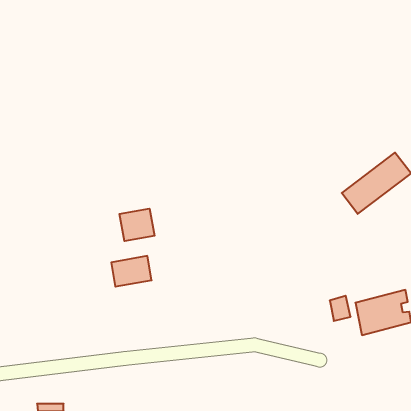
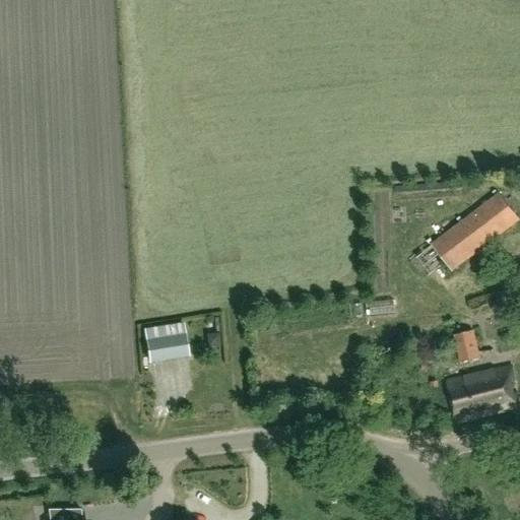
building: [119,209,155,241] -> none
building: [330,296,351,321] -> [453,328,479,360]

